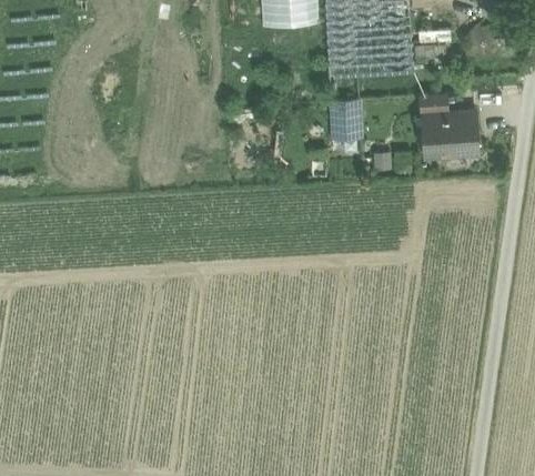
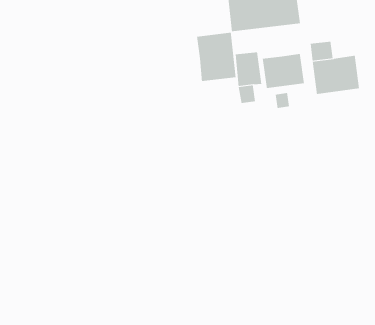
building: none -> [197,32,236,82]
building: none -> [262,53,305,89]

